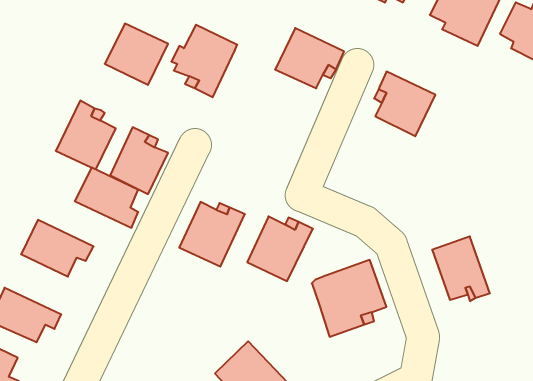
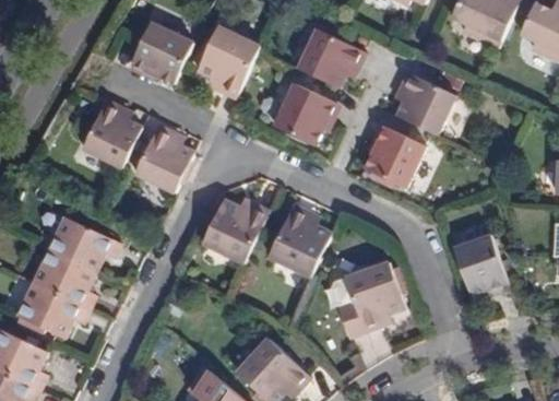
building: none -> [278,85,340,146]
building: none -> [364,127,424,188]
building: [75,168,138,228] -> [32,250,94,309]

